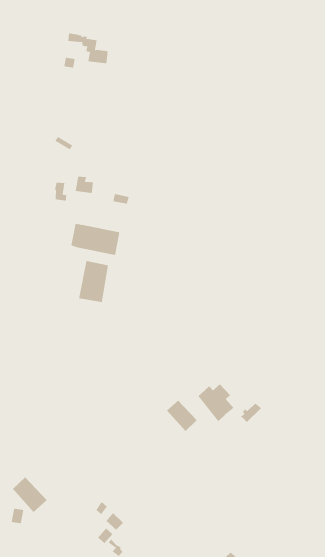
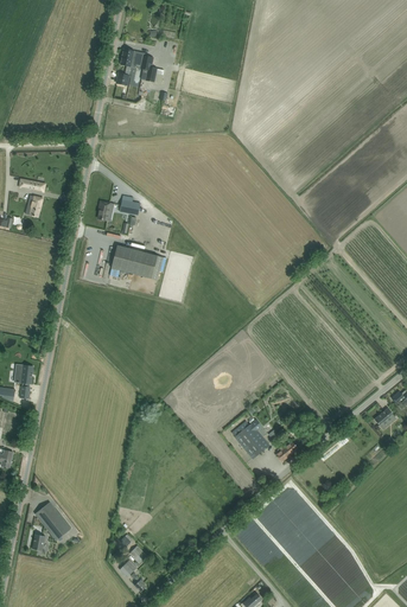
building: [79,260,108,303] -> none
building: [166,400,198,432] -> none

